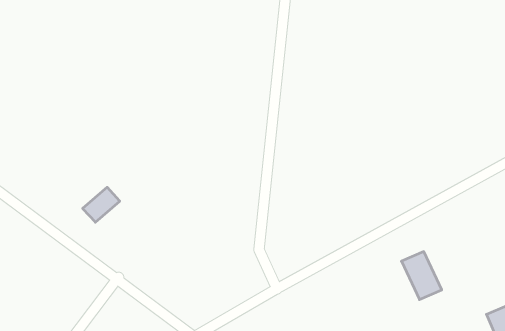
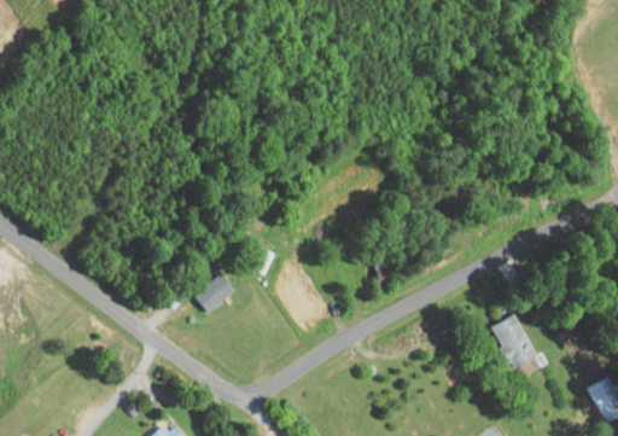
building: [83,187,120,222] -> [193,274,235,314]

